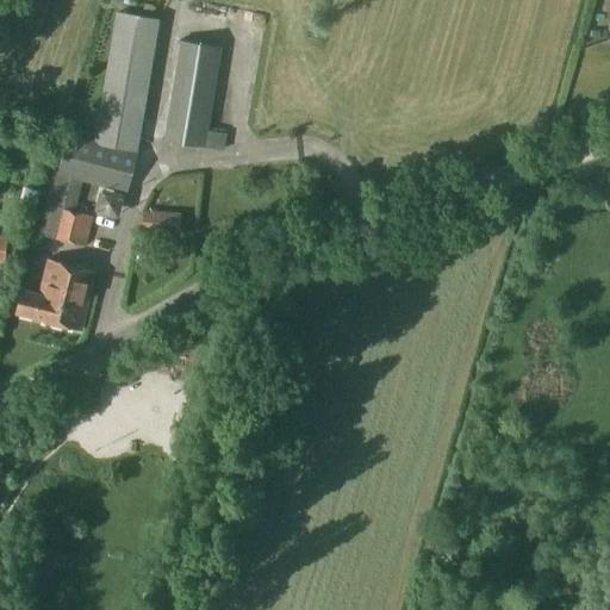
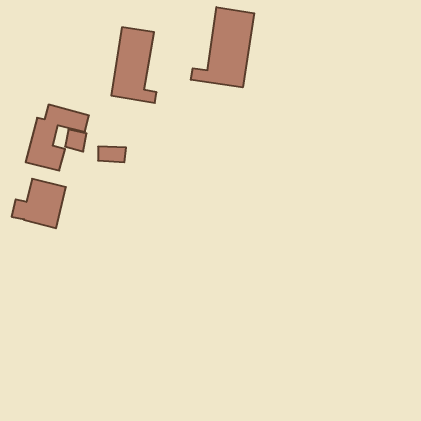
building: none -> [191,7,254,87]
building: [94,12,161,151] -> none

